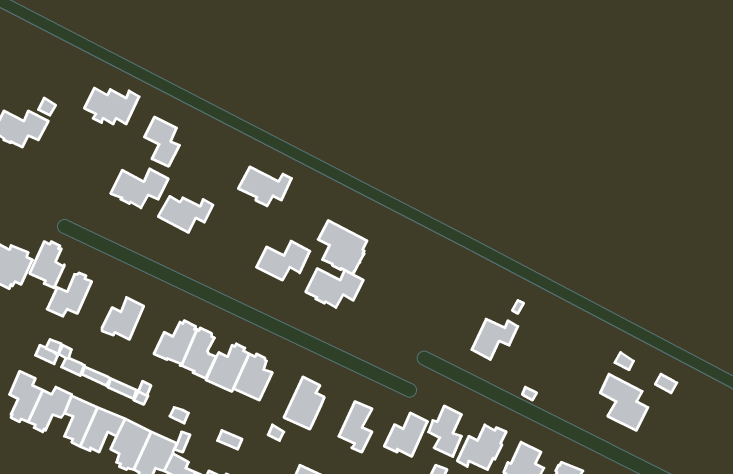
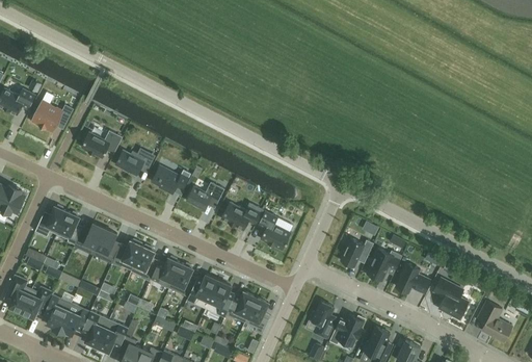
building: [84,88,139,124] -> [33,103,73,129]
building: [144,117,180,166] -> none
building: [238,167,292,206] -> [152,165,190,193]
building: [318,221,367,274] -> [258,211,293,250]
building: [30,242,64,288] -> [57,211,82,244]
building: none -> [95,229,119,263]
building: none -> [367,249,402,281]
building: none -> [396,263,431,293]
building: none -> [187,275,219,309]
building: none -> [479,302,511,341]
building: [384,413,428,456] -> [225,291,257,322]

